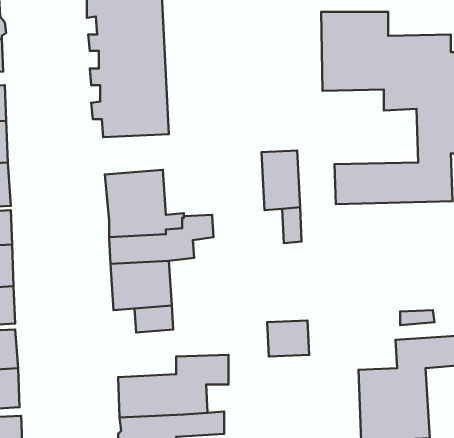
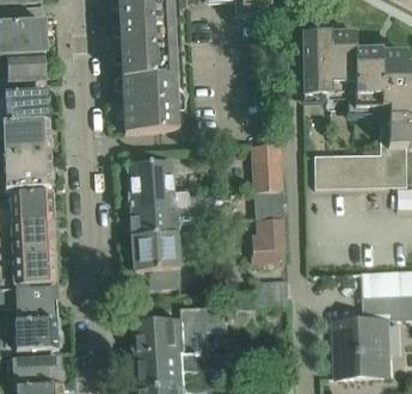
building: none -> [262,217,287,263]

